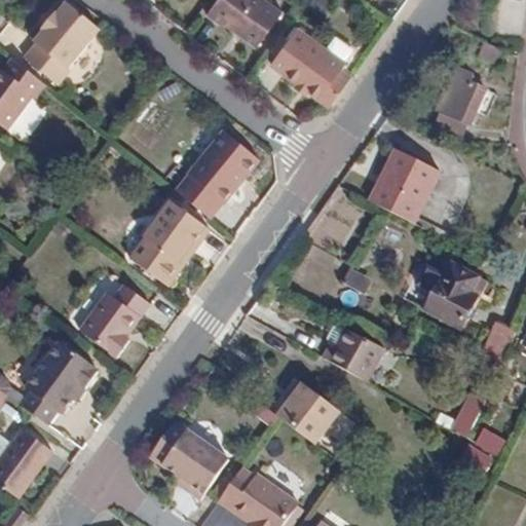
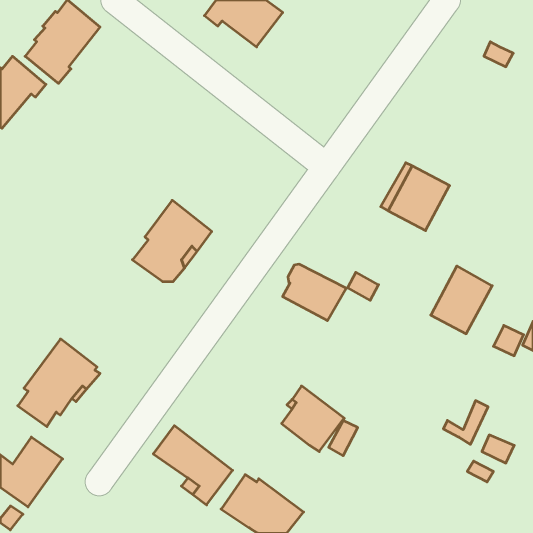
building: [268,29,348,99] -> none
building: [437,68,486,126] -> none
building: [174,127,263,220] -> none
building: [79,284,147,353] -> none
building: [324,328,386,383] -> [283,264,346,321]

